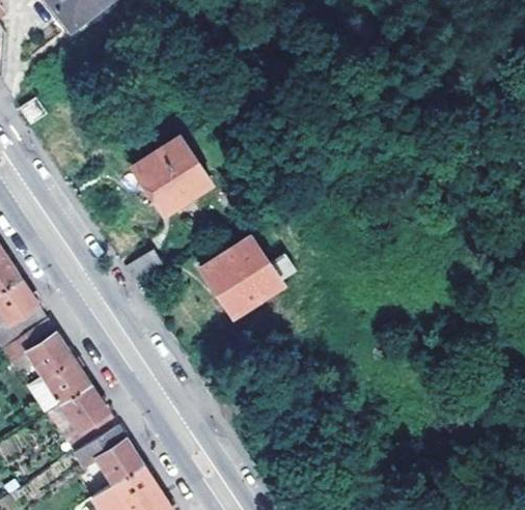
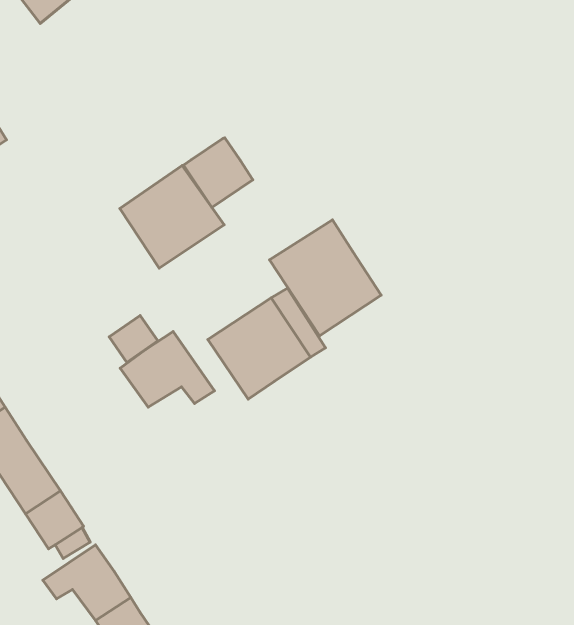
building: none -> [184,138,253,207]
building: none -> [269,220,381,336]
building: none -> [120,331,214,407]

